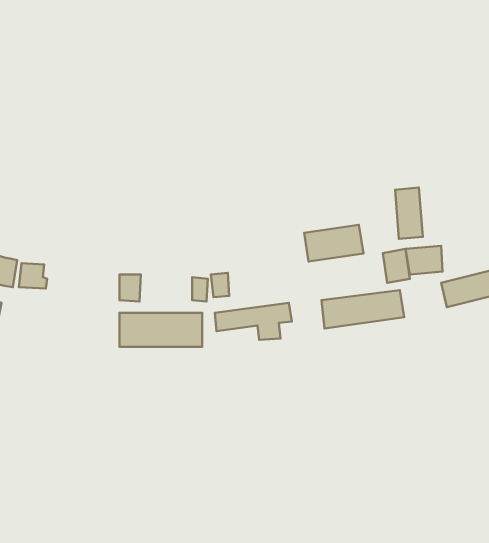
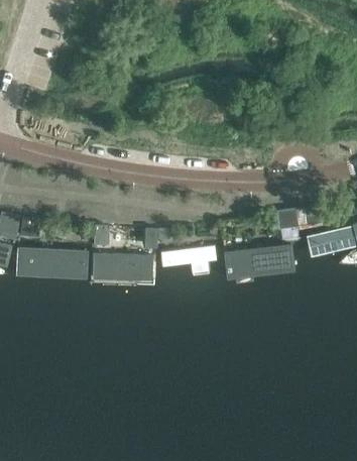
building: [395,188,423,239] -> none
building: [304,225,363,261] -> none
building: none -> [16,249,83,273]

